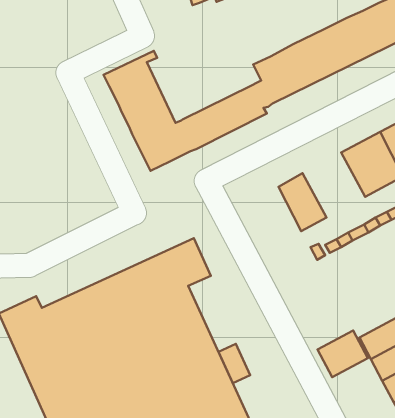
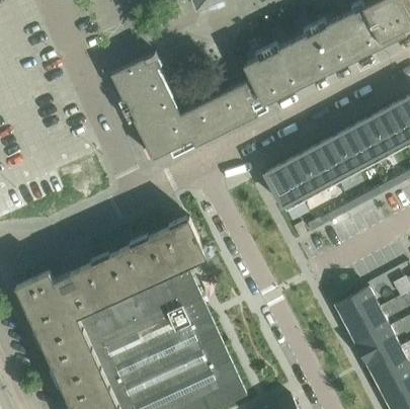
building: none -> [286,143,342,200]
building: [317,331,368,377] -> none
building: [219,344,250,383] -> none

